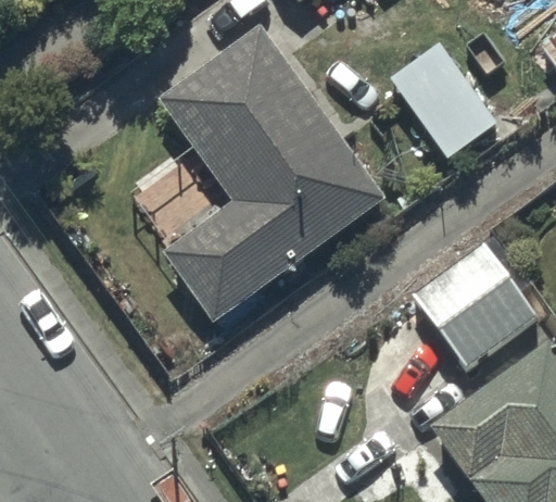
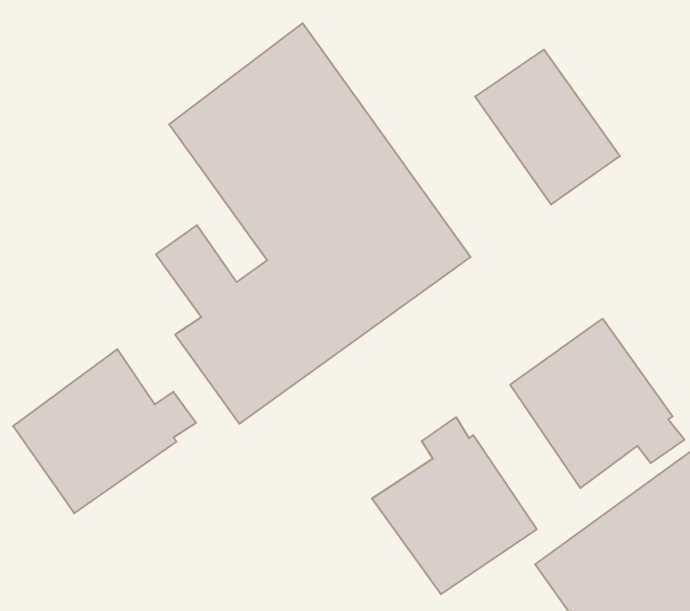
building: none -> [13,349,196,513]
building: none -> [372,417,537,594]

